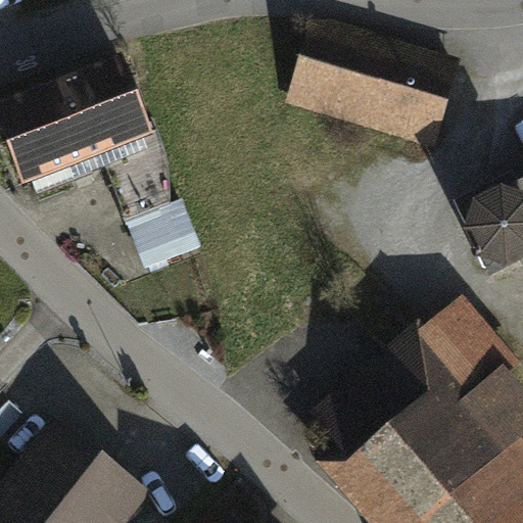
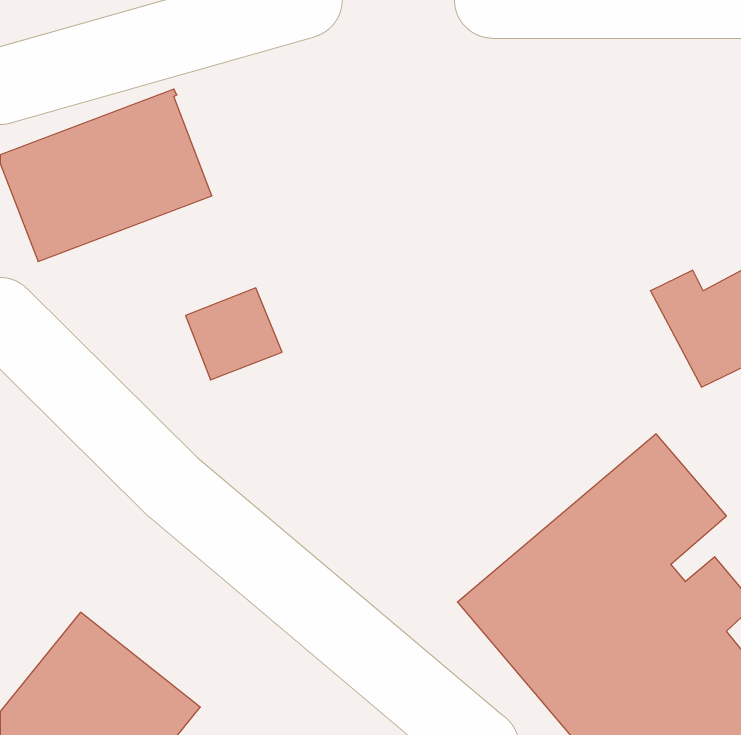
building: [296,34,460,155] -> none

